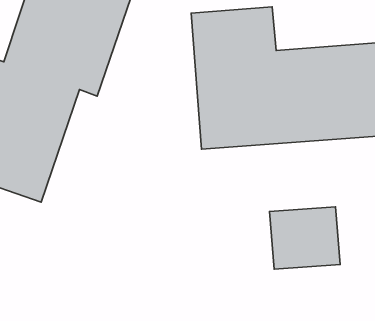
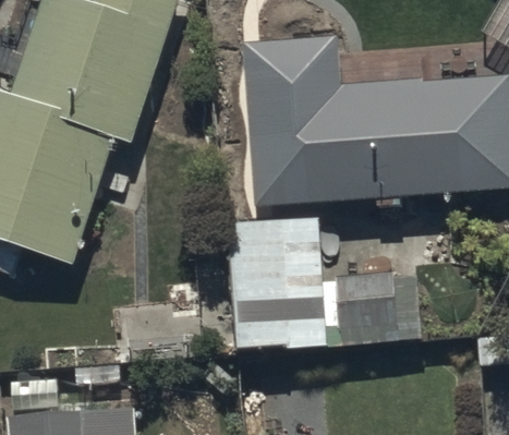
building: none -> [226,214,327,351]

